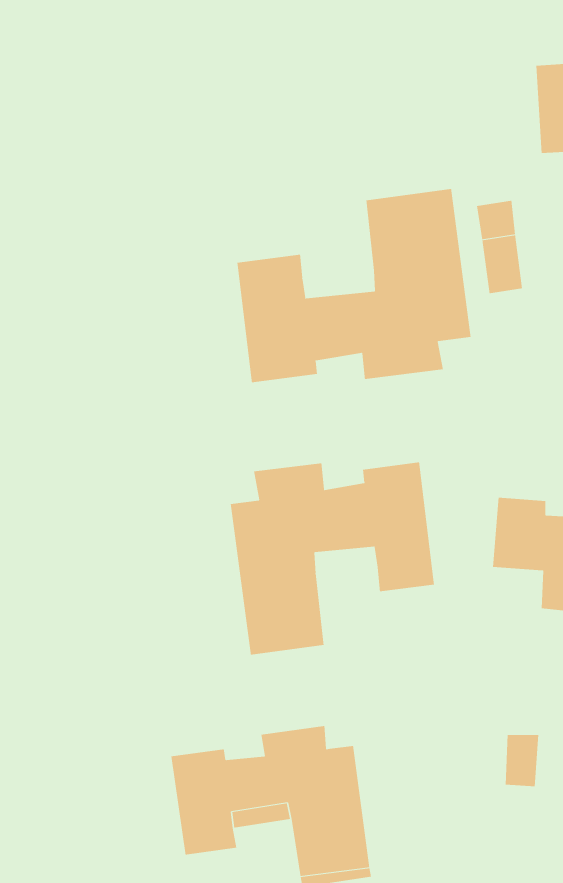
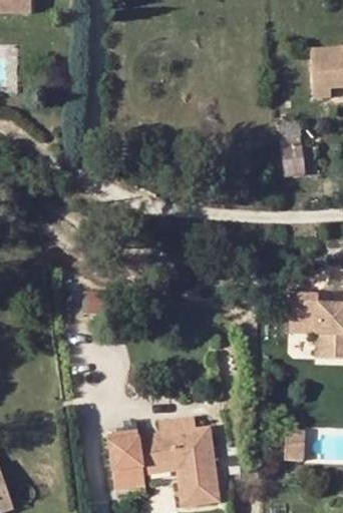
building: [237,188,471,383] -> none
building: [230,462,434,656] -> none

